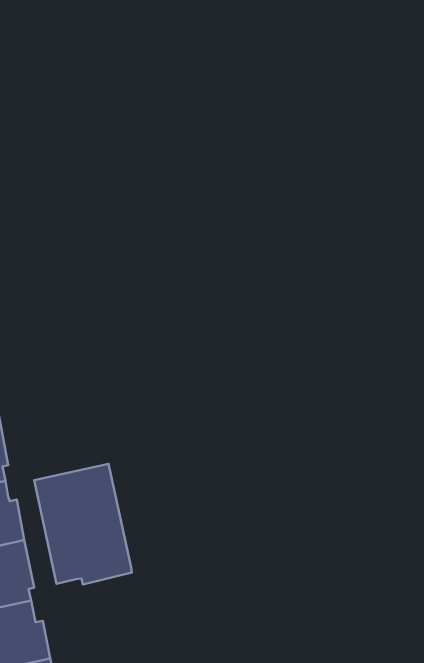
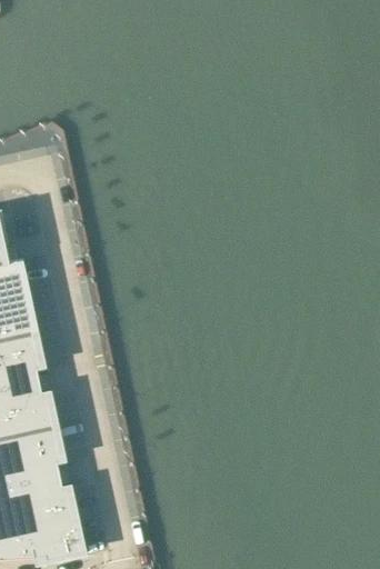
building: [34,464,132,585] -> none

